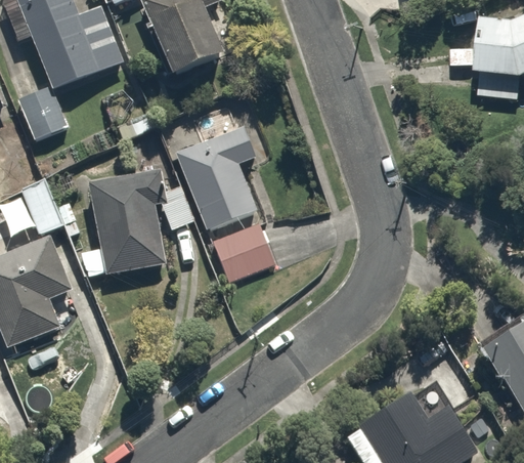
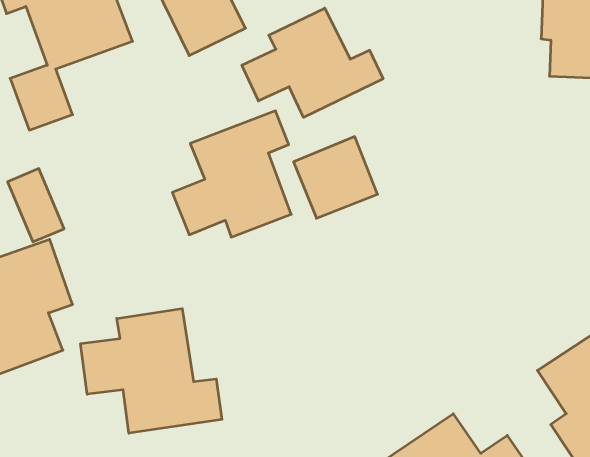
building: none -> [242,8,383,117]
building: [80,170,168,277] -> none
building: [209,218,280,288] -> [294,137,378,218]
building: none -> [81,309,222,433]

